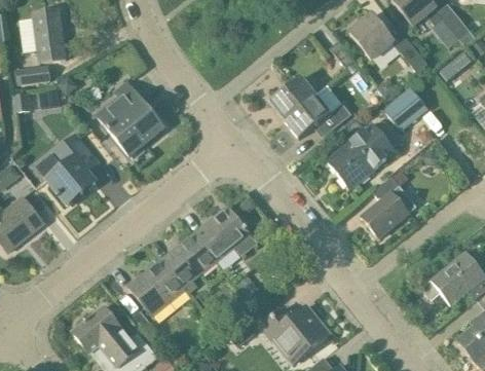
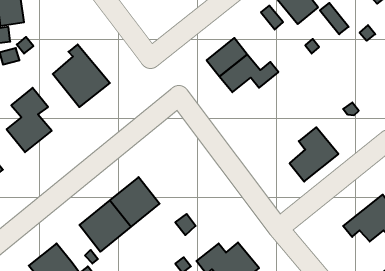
building: [383,86,427,131] -> none
building: [328,124,396,188] -> none
building: [193,206,257,261] -> none

